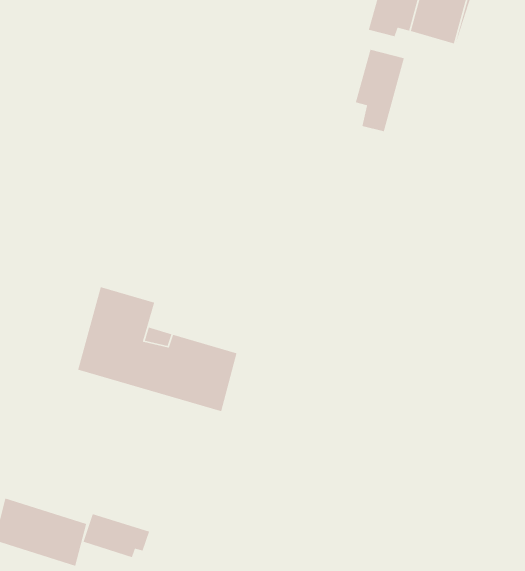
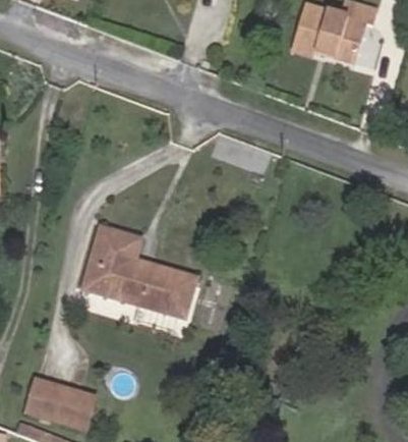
building: [355,49,405,132] -> none
building: [83,513,150,558] -> none

